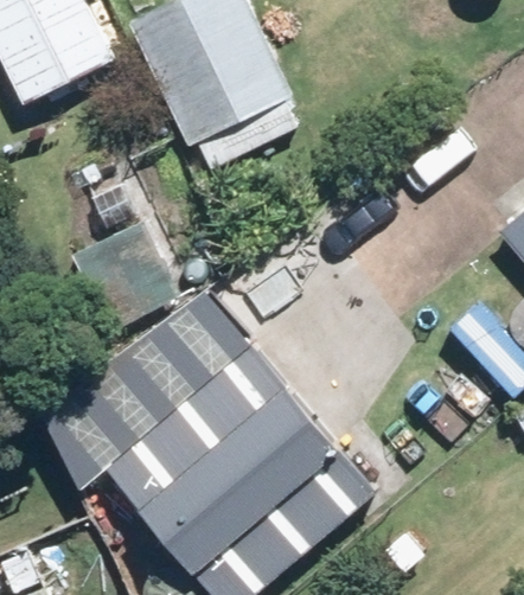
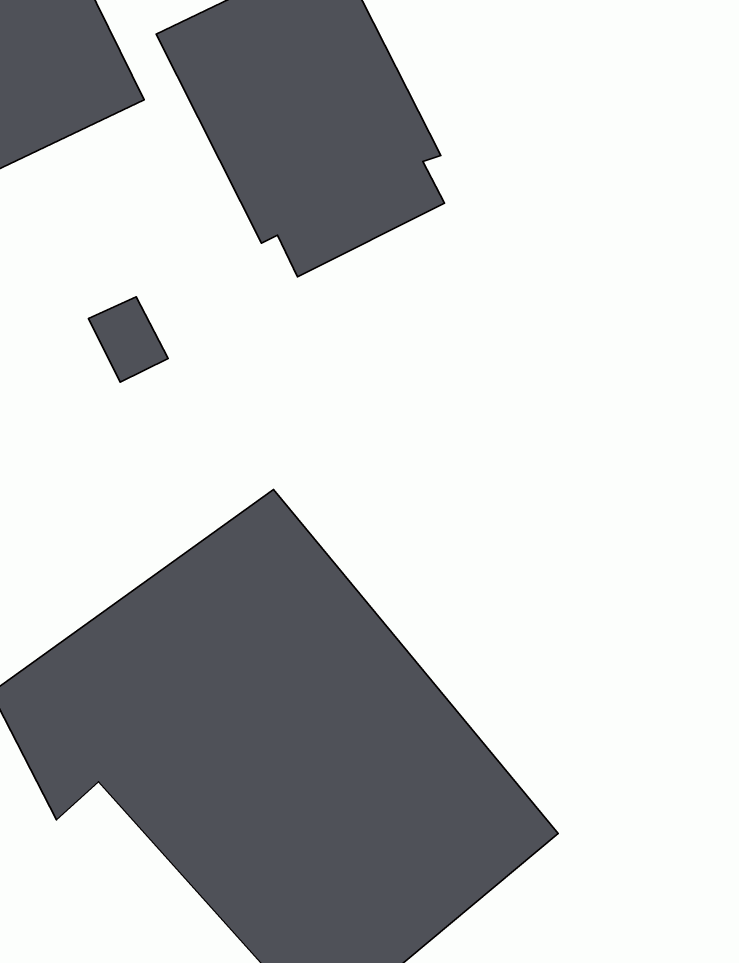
building: [72,218,188,333] -> none

